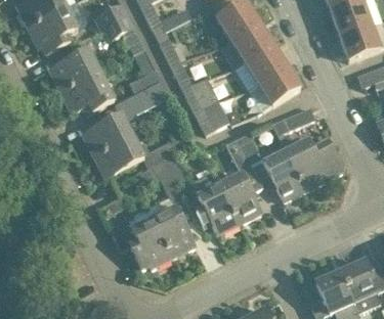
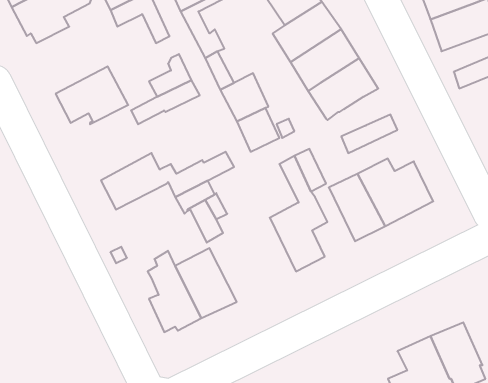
building: [48,49,98,91] -> none
building: [81,113,131,155] -> none
building: [191,172,239,233] -> none

